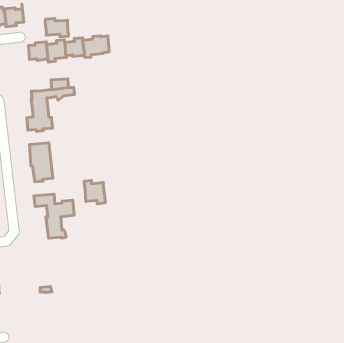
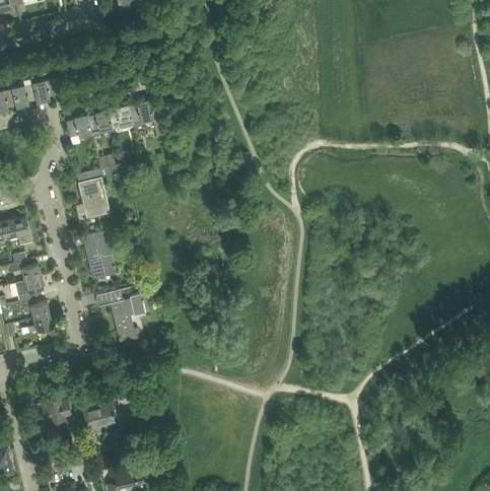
building: [45,19,69,37] -> none
building: [84,181,105,204] -> none
building: none -> [83,401,115,430]

